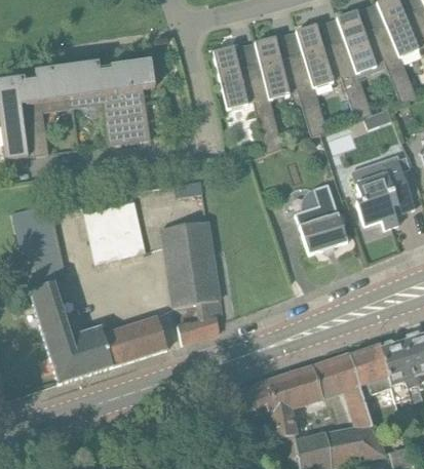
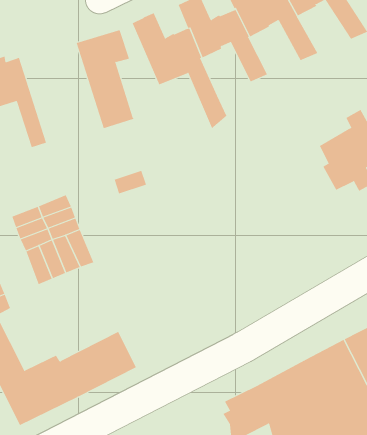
building: [111,58,155,142] -> [76,30,135,129]
building: [295,183,348,253] -> none
building: [160,220,222,344] -> none

